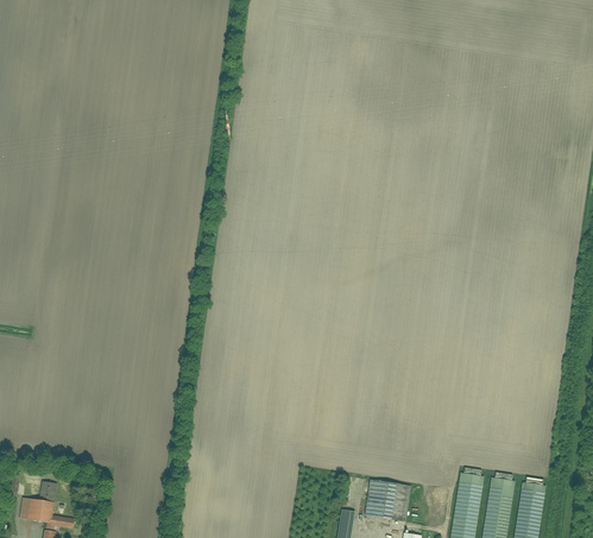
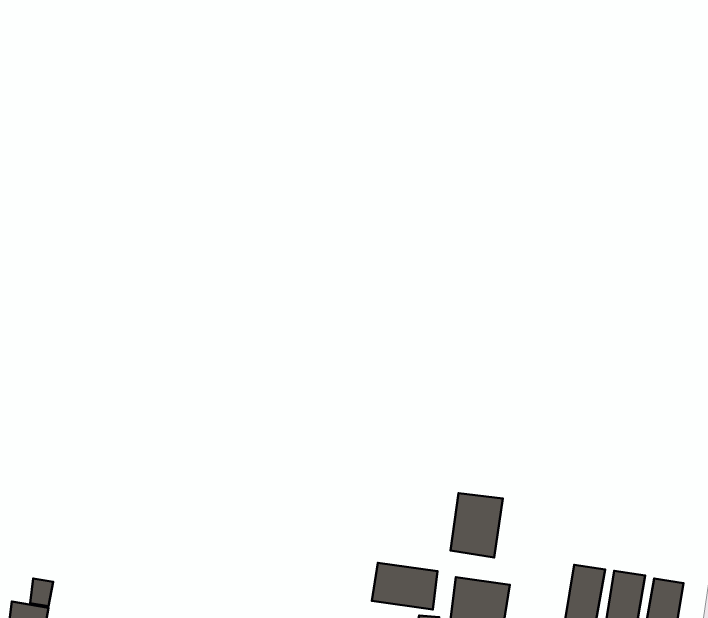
building: none -> [451,493,503,558]
building: none -> [372,563,437,610]

